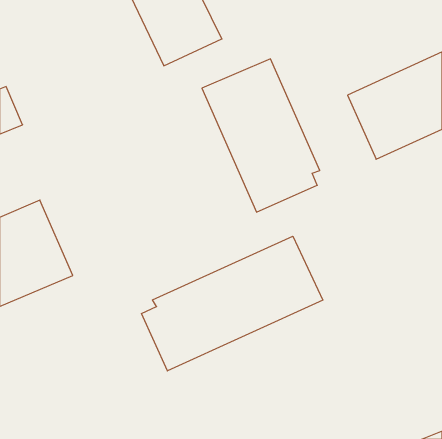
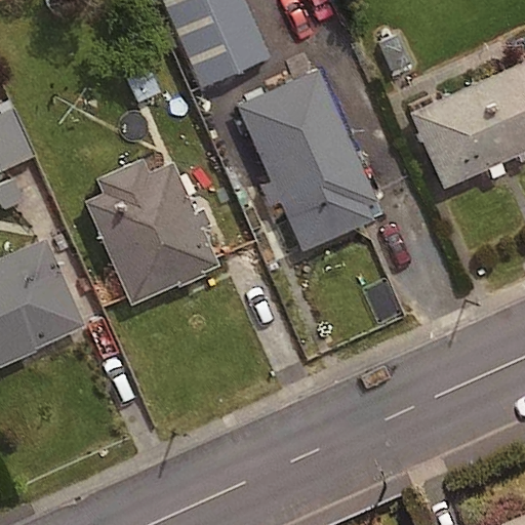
building: none -> [85,159,219,305]
building: [141,236,323,371] -> none

